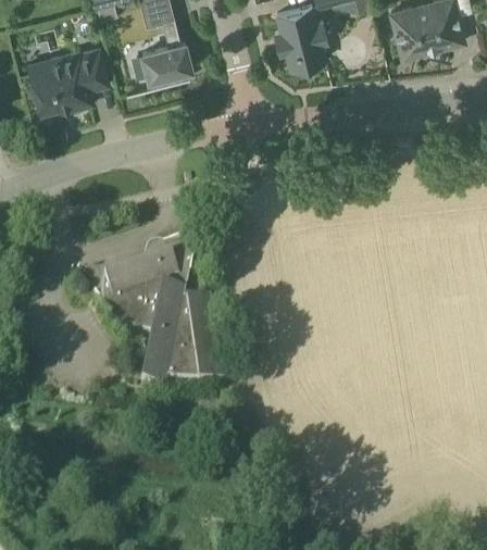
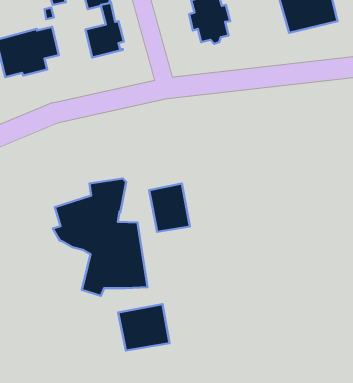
building: none -> [149,184,190,232]
building: none -> [118,304,169,351]

